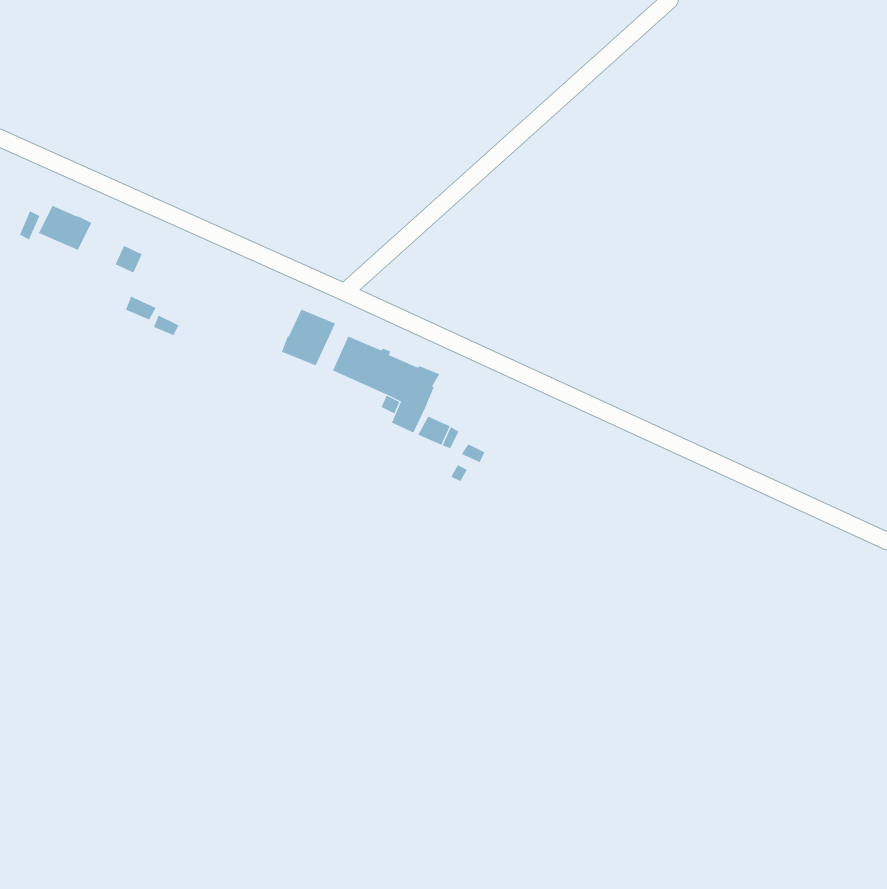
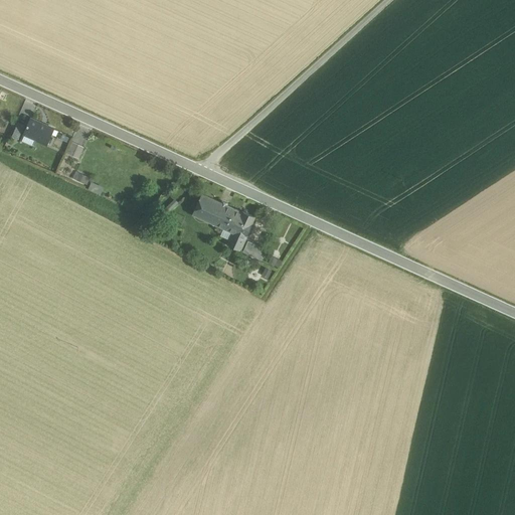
building: [281,309,336,366] -> none

